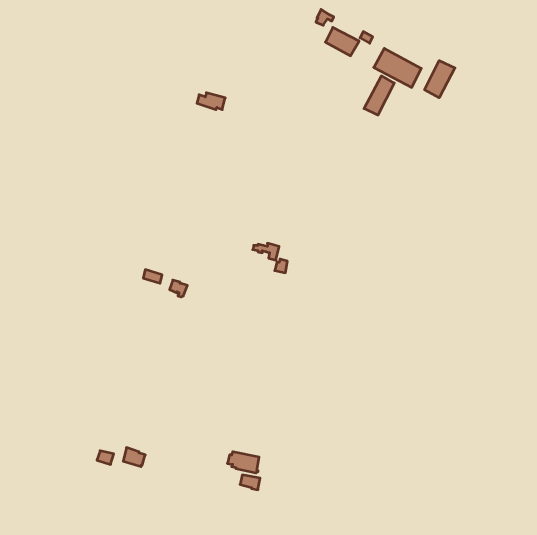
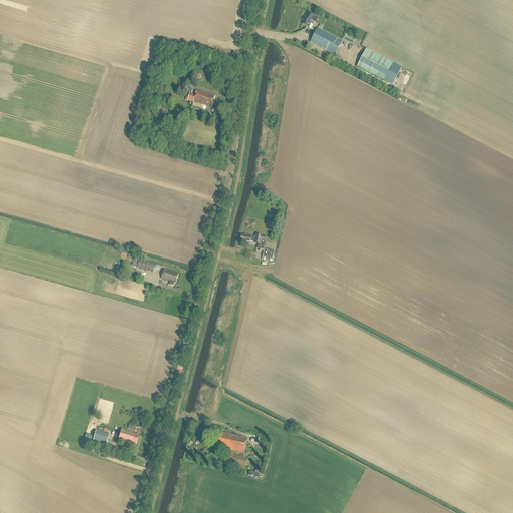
building: [425,61,455,98] -> none
building: [364,76,394,115] -> none

